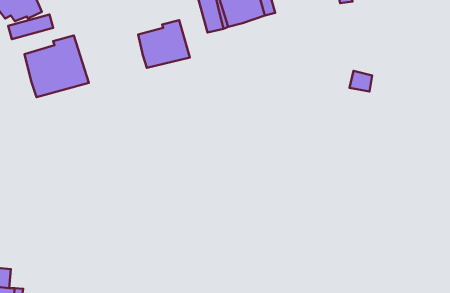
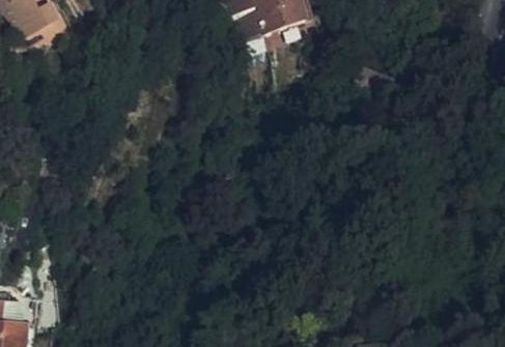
building: [138,20,190,68] -> none
building: [24,35,89,97] -> none

